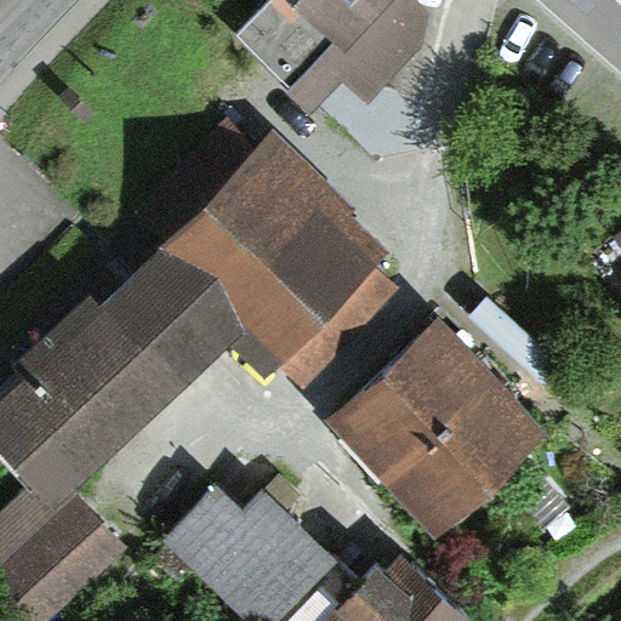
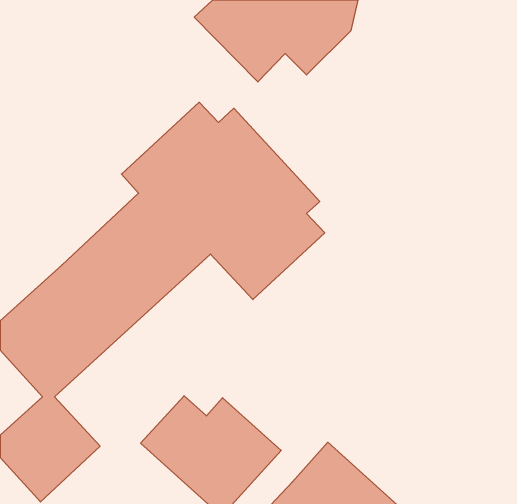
building: [329,317,546,532] -> none

